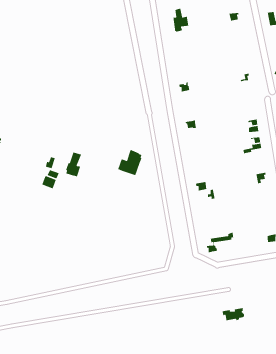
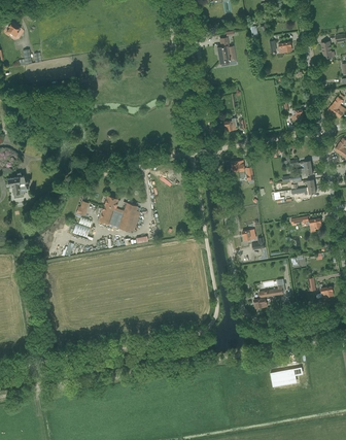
building: [117,149,142,176] -> [111,202,139,232]

